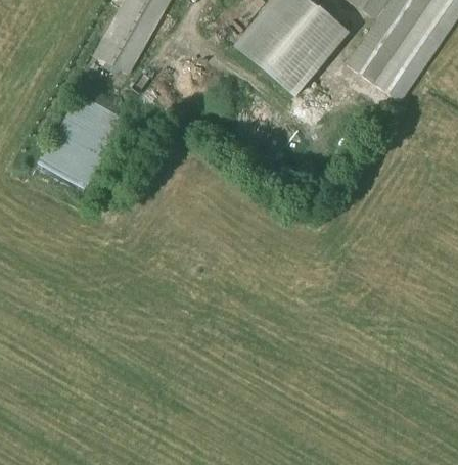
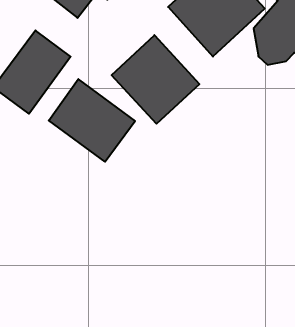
building: none -> [112,35,199,124]
building: none -> [49,79,135,162]

